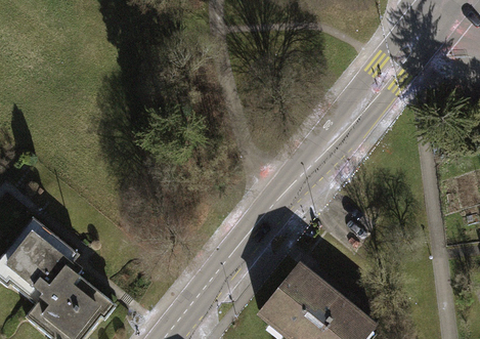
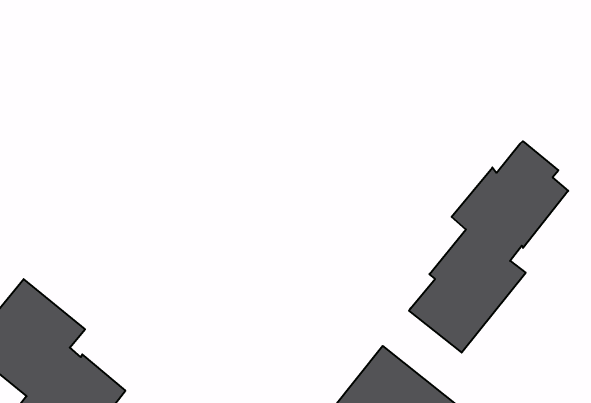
building: none -> [409,141,568,353]

